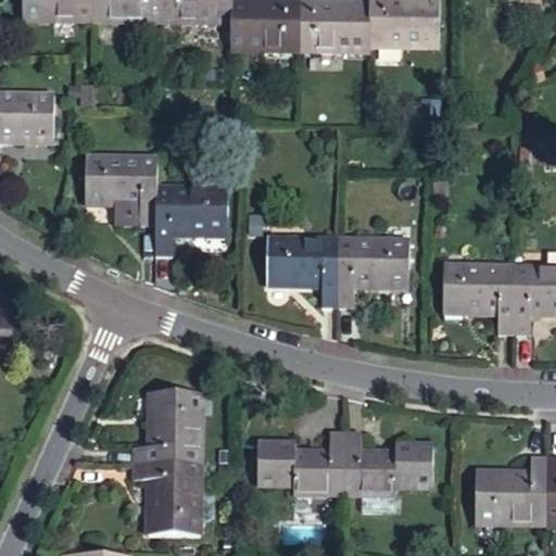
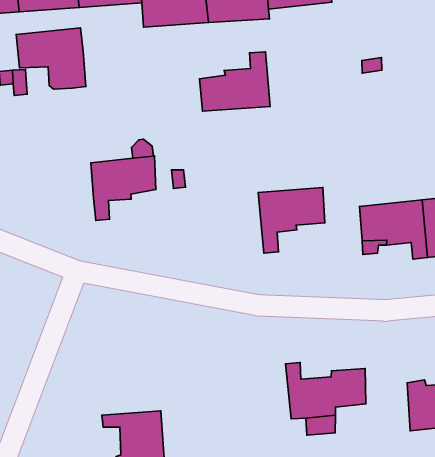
building: none -> [199,52,270,111]
building: [84,163,155,228] -> [16,28,86,89]
building: [263,239,336,308] -> none
building: [138,396,204,469] -> none
building: [258,431,345,493] -> none

